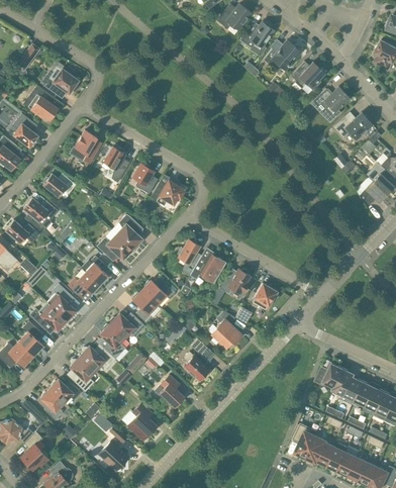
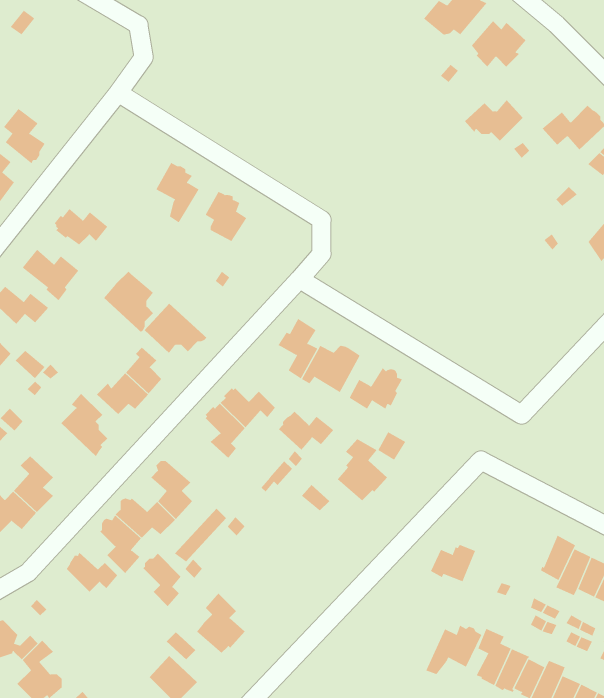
building: [43,69,78,97] -> none
building: [26,86,58,120] -> none
building: [313,87,349,112] -> [464,99,523,141]
building: [71,130,97,164] -> none
building: [150,180,185,205] -> none
building: [111,214,141,252] -> [103,271,154,333]
building: [253,283,278,310] -> none
building: none -> [278,411,334,450]
building: [29,302,68,330] -> none
building: [109,313,145,337] -> none
building: [183,353,209,381] -> none
building: [315,365,342,388] -> [430,544,476,583]
building: [155,375,184,407] -> none
building: [40,389,64,421] -> [143,553,181,607]
building: none -> [426,625,482,675]

